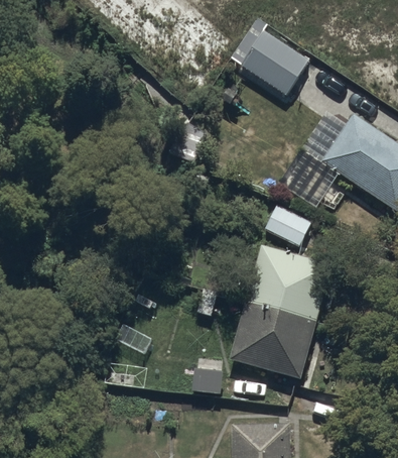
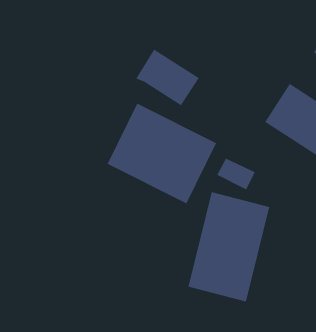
building: [230,24,307,94] -> [135,48,200,107]
building: none -> [107,103,217,205]

